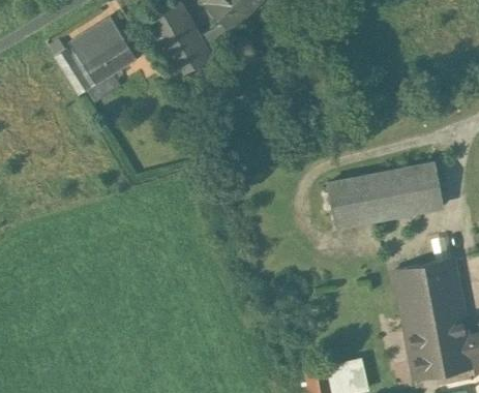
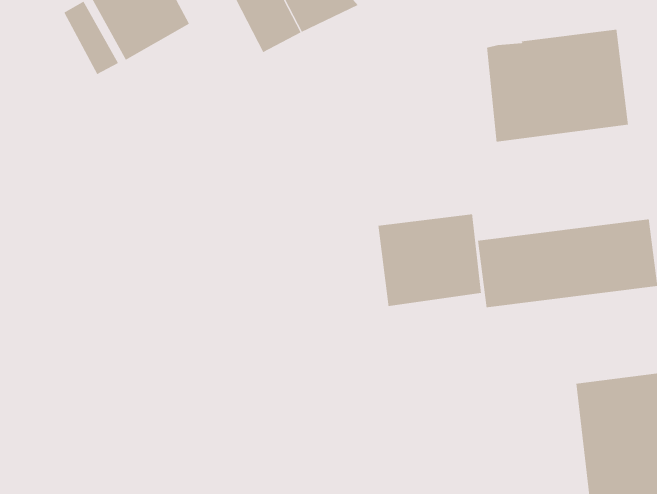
building: none -> [486,29,628,142]
building: none -> [378,213,482,307]

